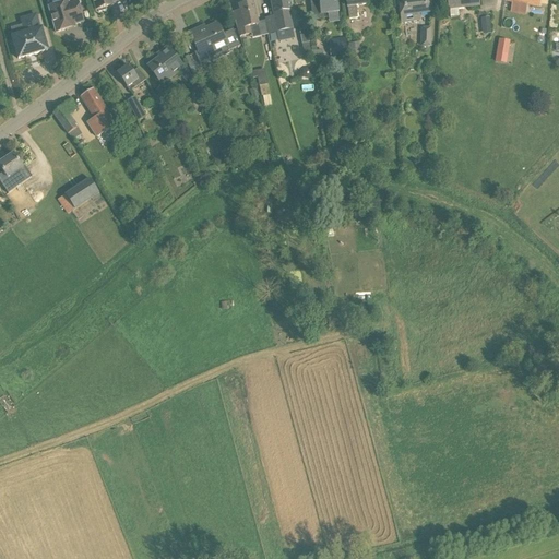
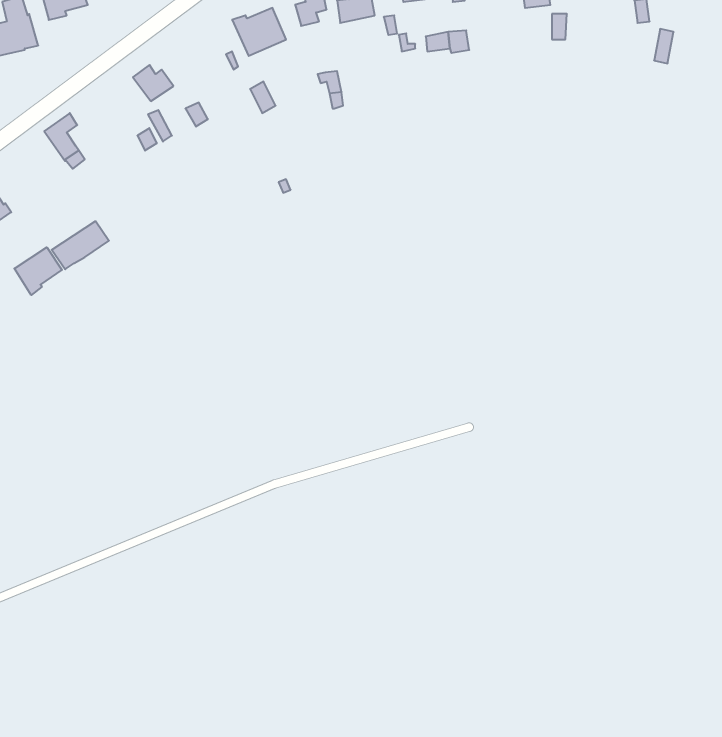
building: [146,43,190,83] -> none
building: [80,85,120,136] -> none
building: none -> [14,247,62,295]

